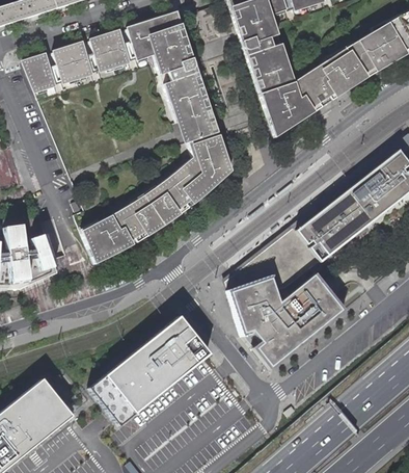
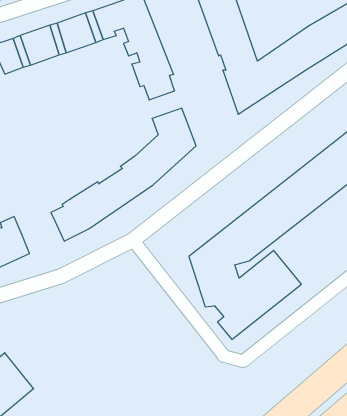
building: [186,107,219,137] -> none
building: [90,311,208,424] -> none

